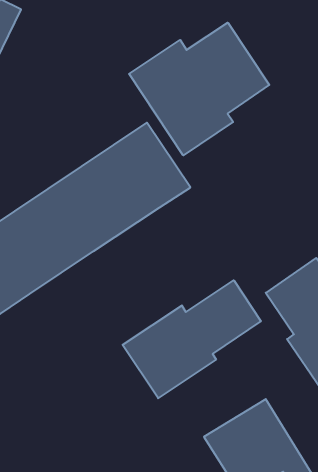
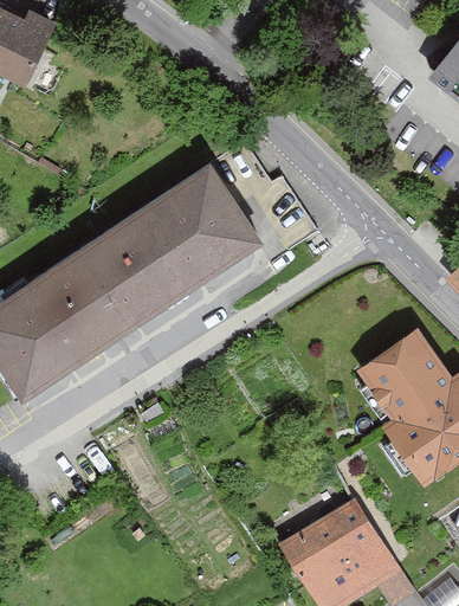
building: [129,23,269,155] -> none
building: [123,280,261,398] -> none

